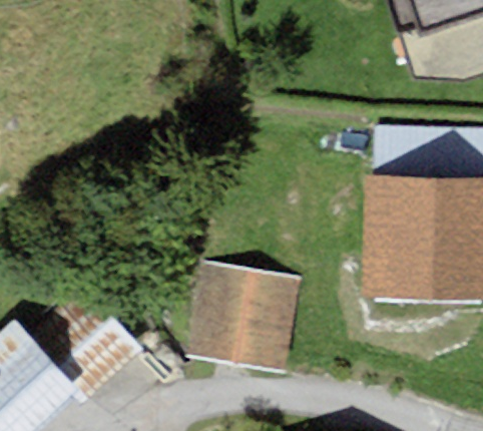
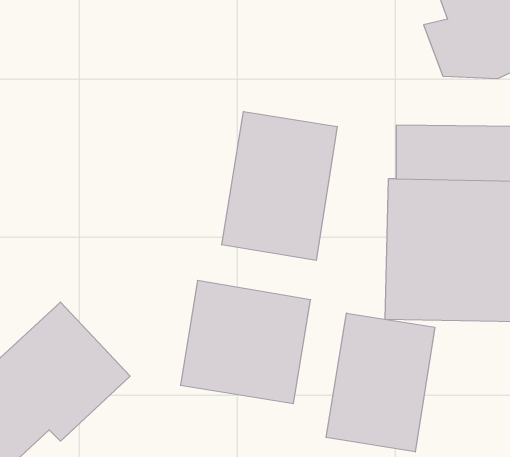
building: none -> [222,111,337,260]
building: none -> [326,313,435,452]

